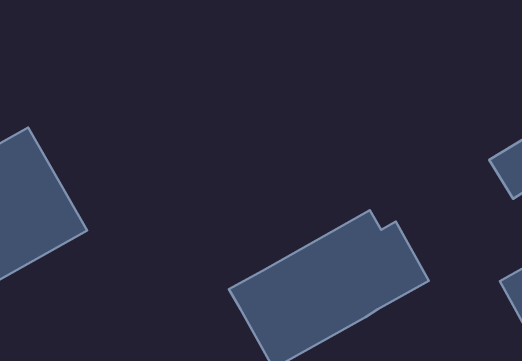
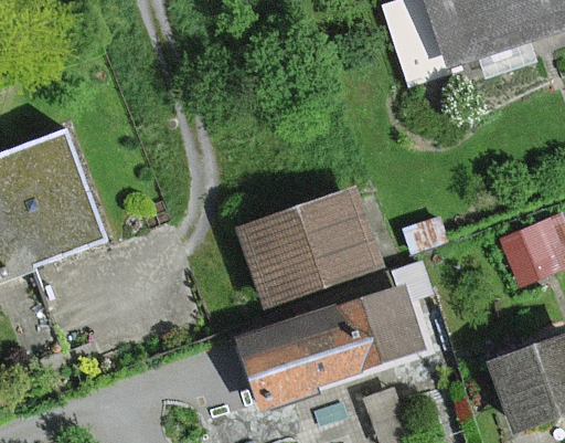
building: none -> [241,191,381,307]

